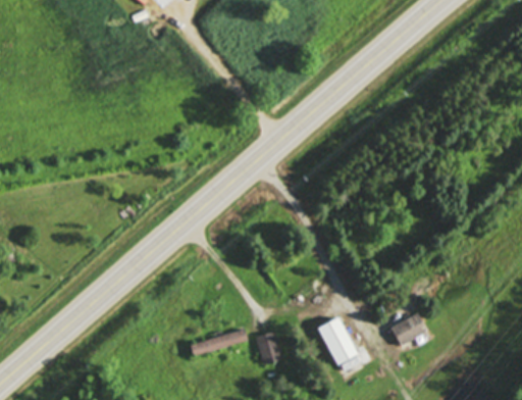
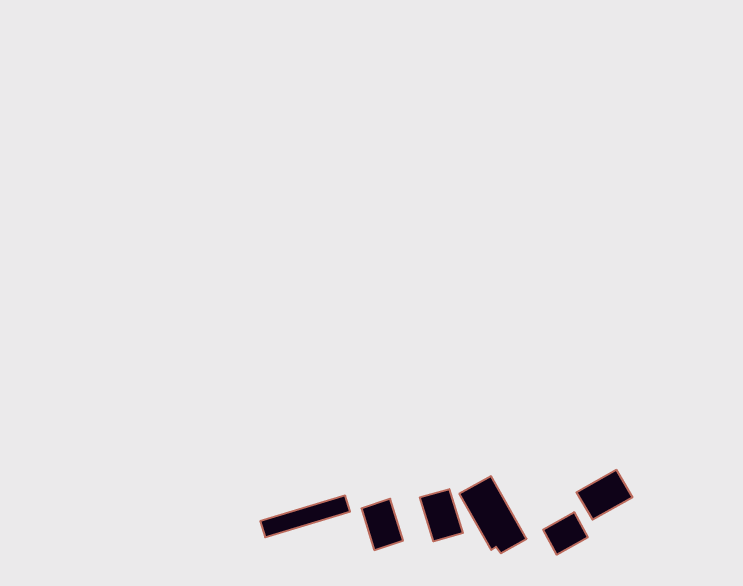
building: none -> [420,489,463,541]
building: none -> [543,512,588,555]

